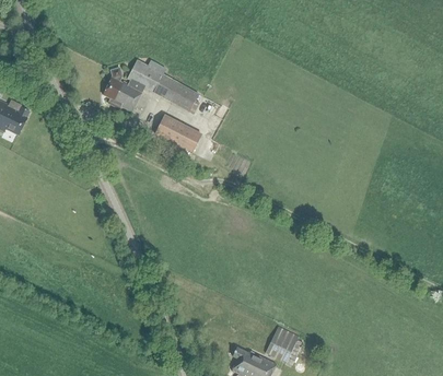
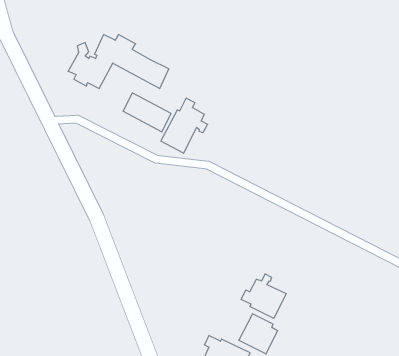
building: none -> [161,98,208,153]
building: none -> [241,274,286,318]

